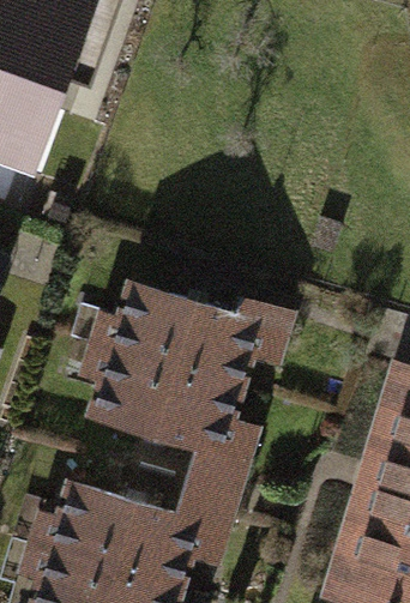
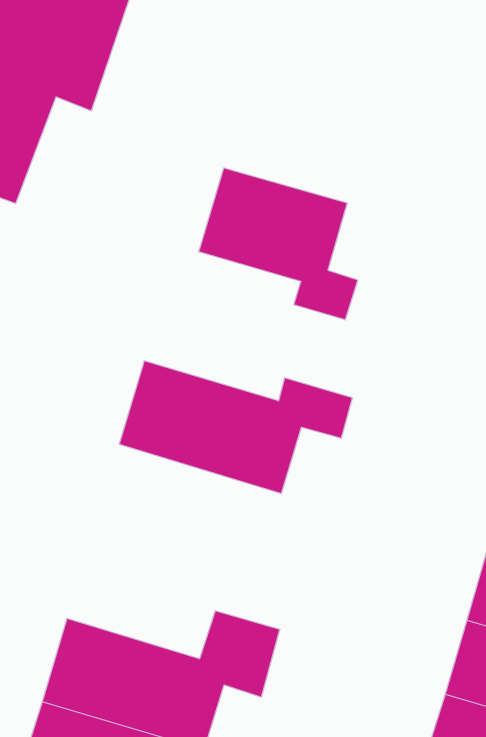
building: none -> [199,168,358,320]
building: [89,350,248,494] -> none

